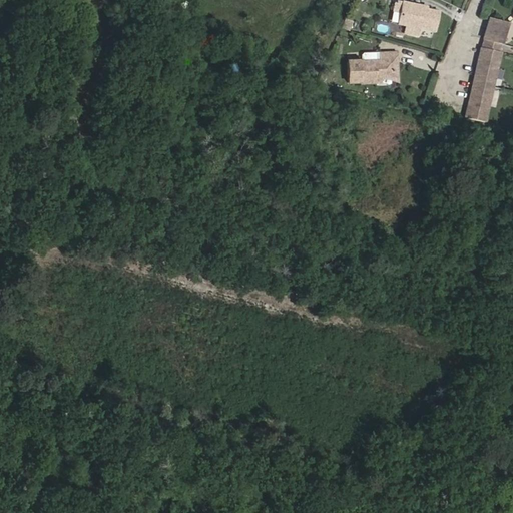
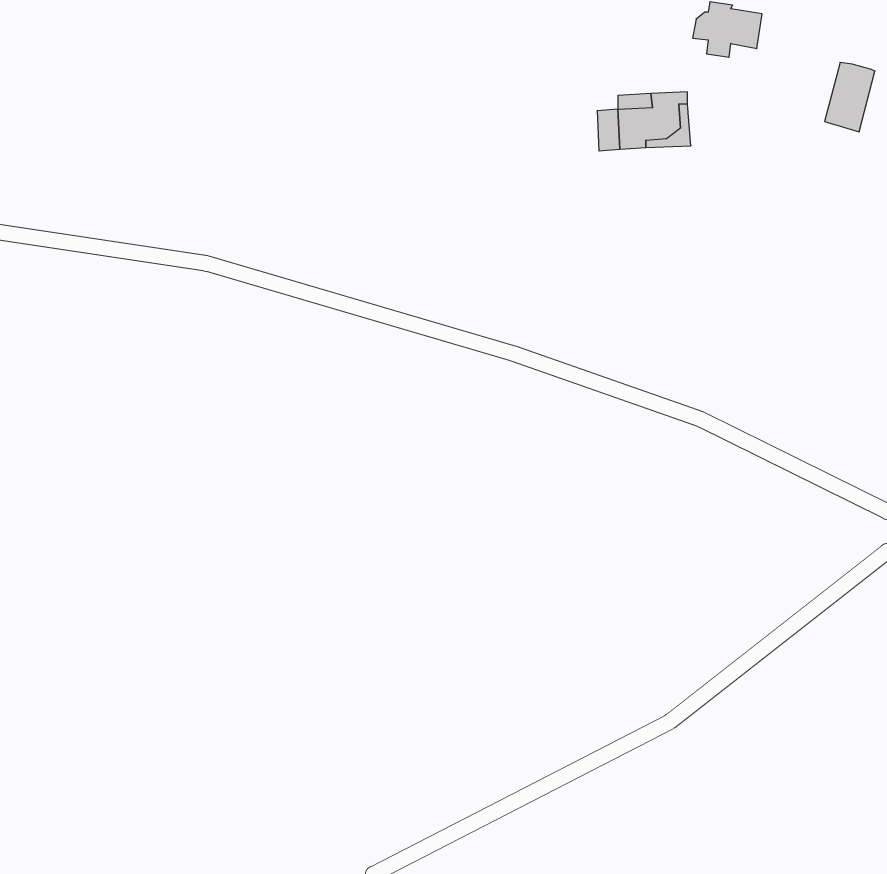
building: [484,15,508,40] -> none
building: [467,70,496,110] -> none

